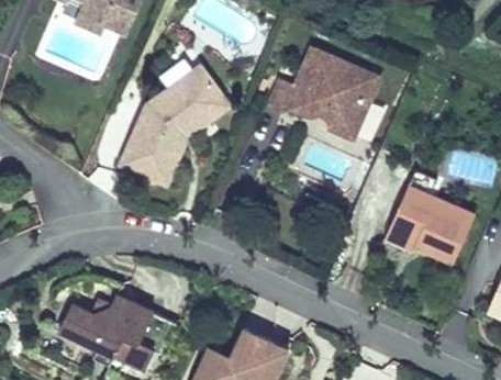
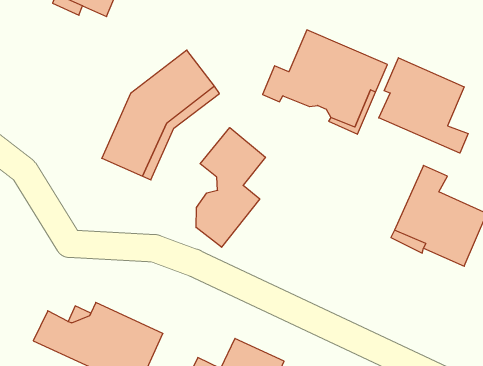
building: none -> [379,58,468,153]
building: none -> [196,128,265,247]

